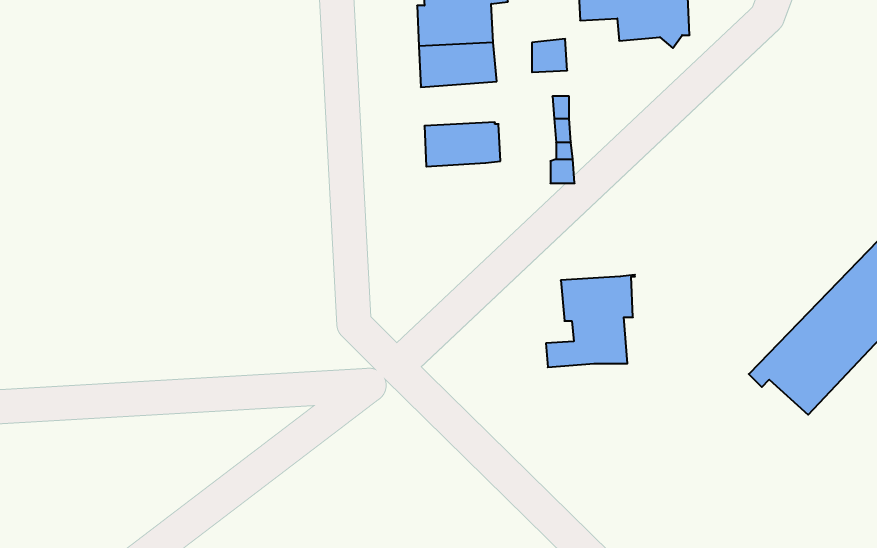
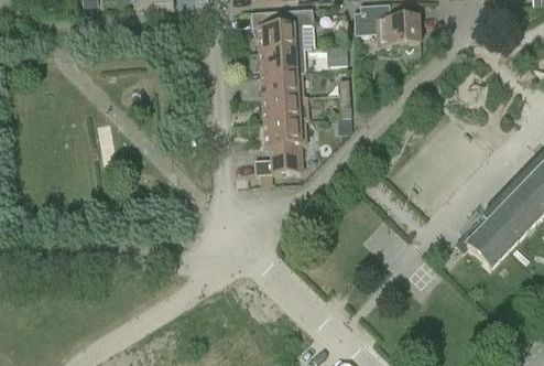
building: none -> [260,72,305,98]
building: [546,275,635,367] -> [254,119,307,174]

